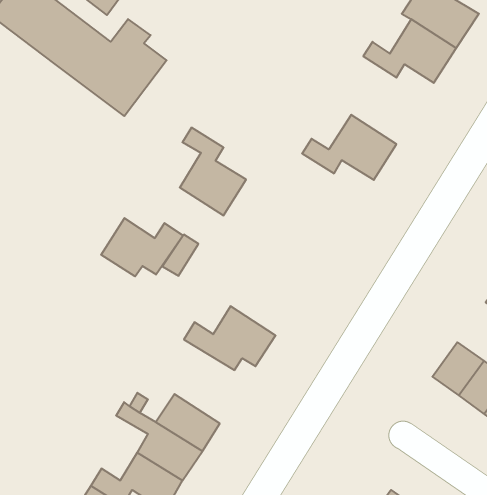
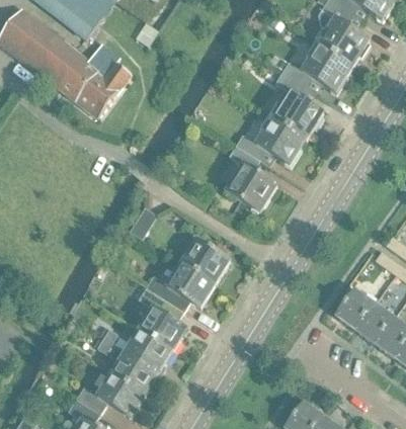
building: none -> [273,71,324,138]
building: [180,128,246,215] -> [227,145,277,211]
building: [101,218,183,276] -> none
building: none -> [181,238,230,283]
building: none -> [139,286,187,350]

